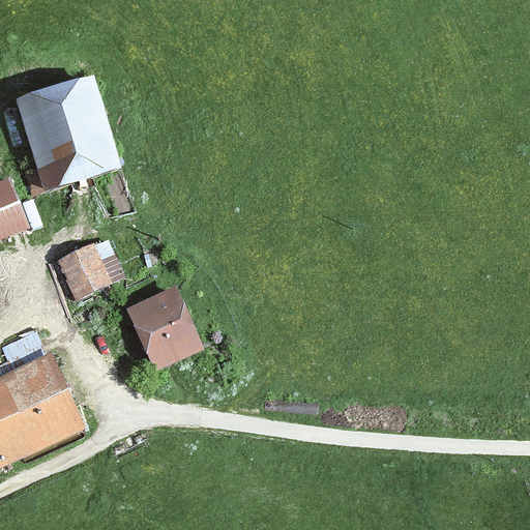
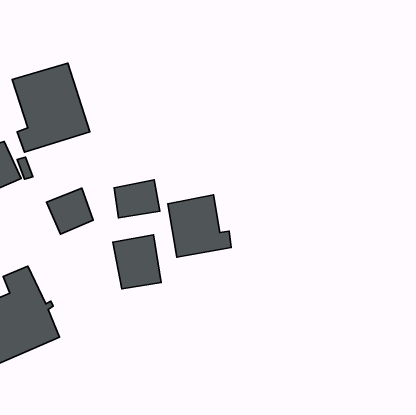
building: none -> [114,180,160,218]
building: none -> [168,195,231,257]

